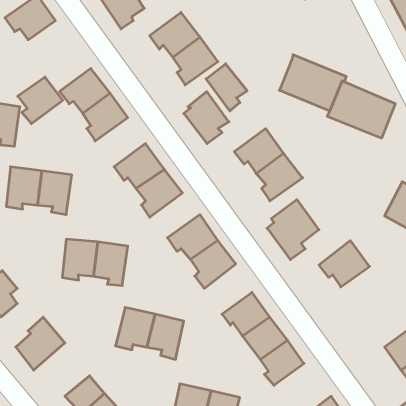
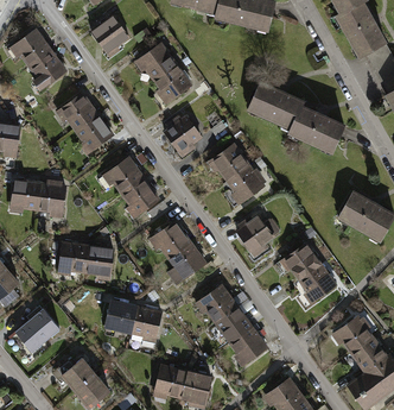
building: [206,64,247,111] -> none
building: [18,77,63,124] -> [27,50,66,90]
building: none -> [299,264,339,305]

